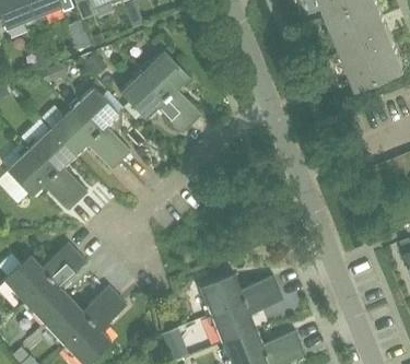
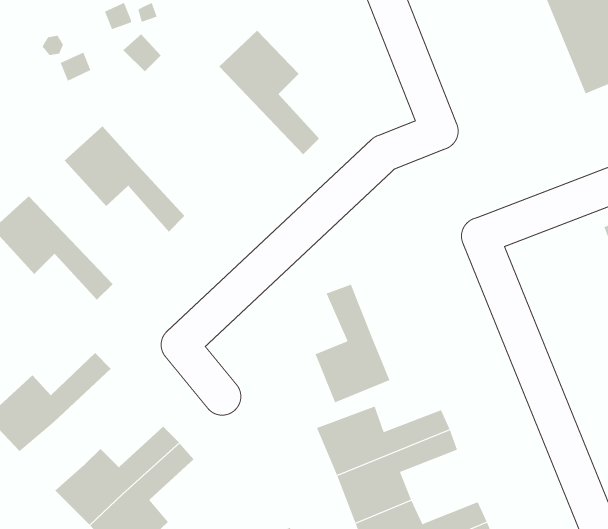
building: [119,73,190,134] -> none
building: [71,89,130,162] -> none
building: [27,129,87,202] -> none
building: none -> [315,284,390,403]
building: [22,253,85,325] -> none

